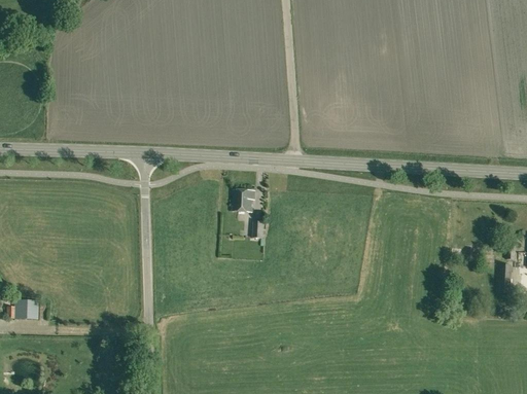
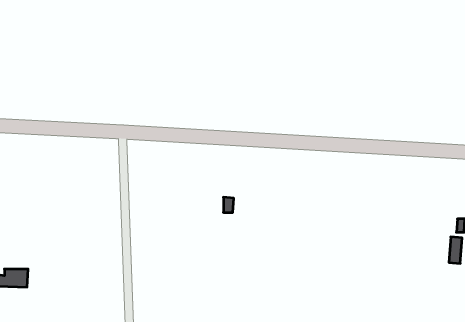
building: [235,189,258,212] -> none

